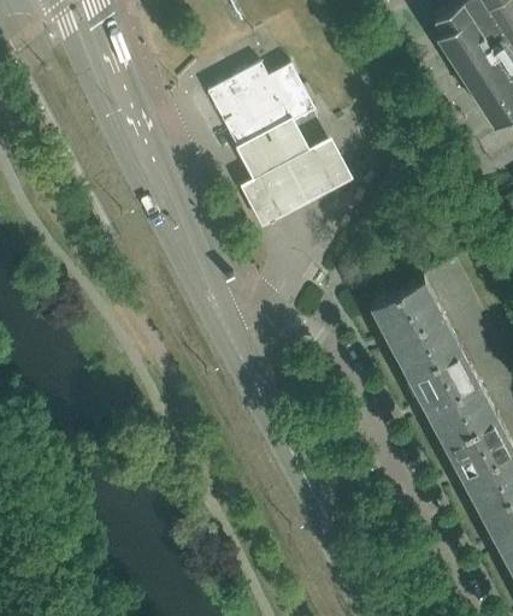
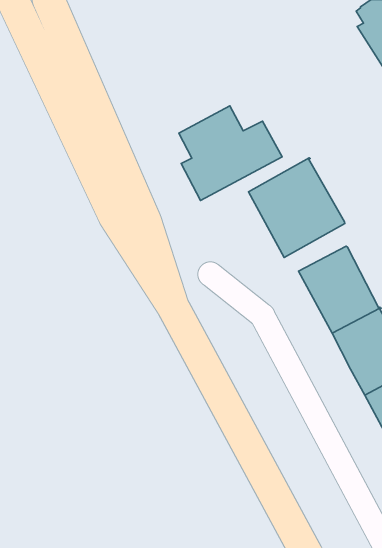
building: [207,65,316,154] -> none
building: none -> [249,158,345,257]

